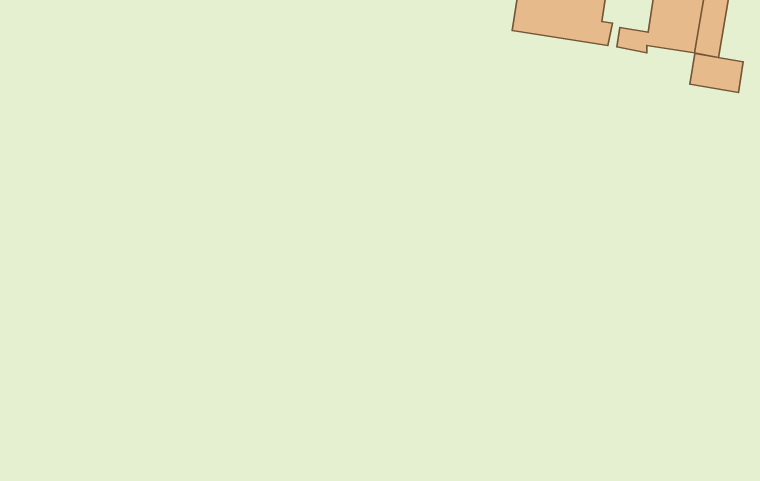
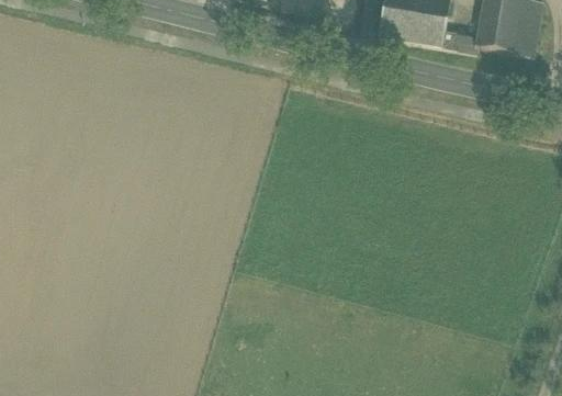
building: [690,53,743,92] -> none

